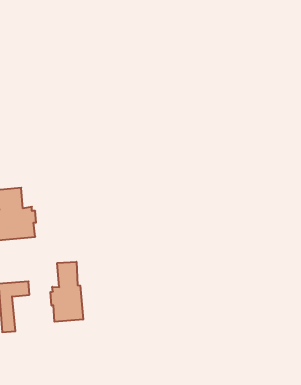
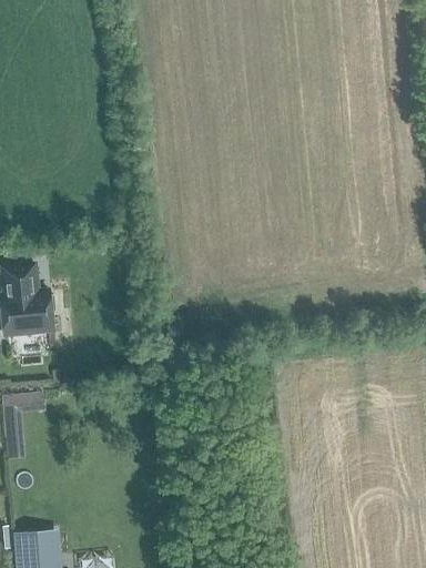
building: [50,262,83,322] -> none

